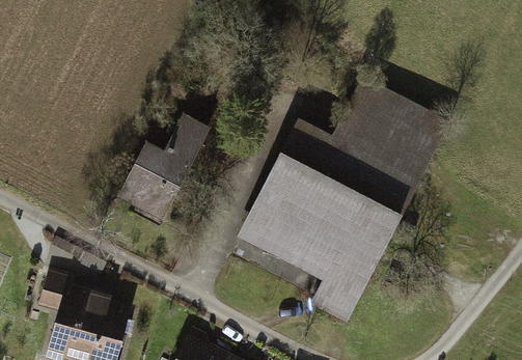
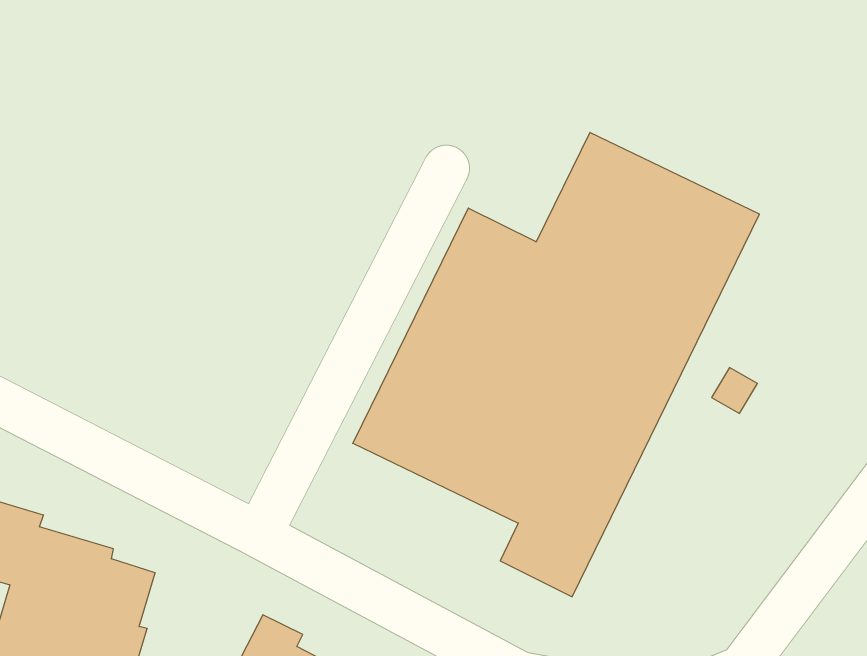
building: [114,114,211,224] -> none

